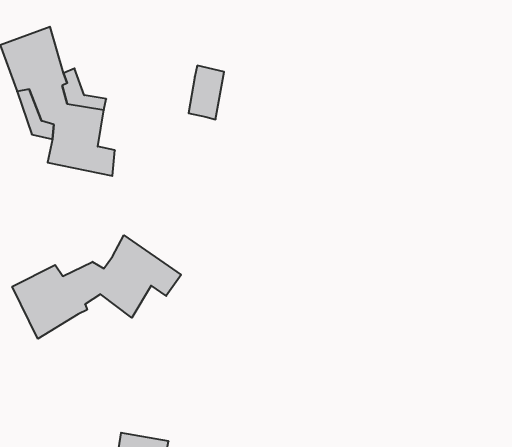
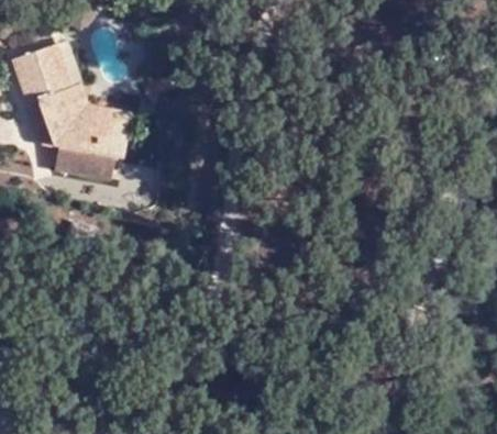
building: [189,66,224,119] -> [99,108,131,156]
building: [12,235,181,339] -> none

